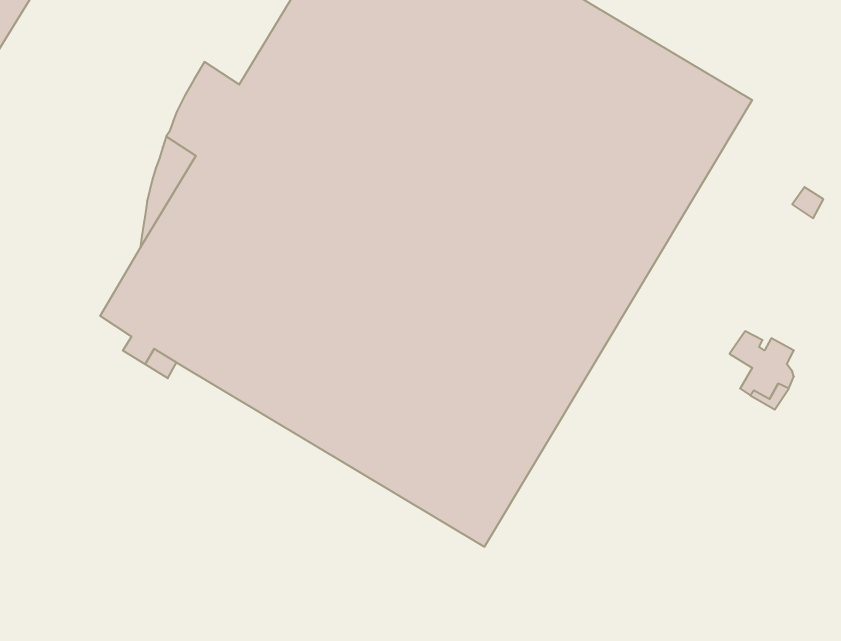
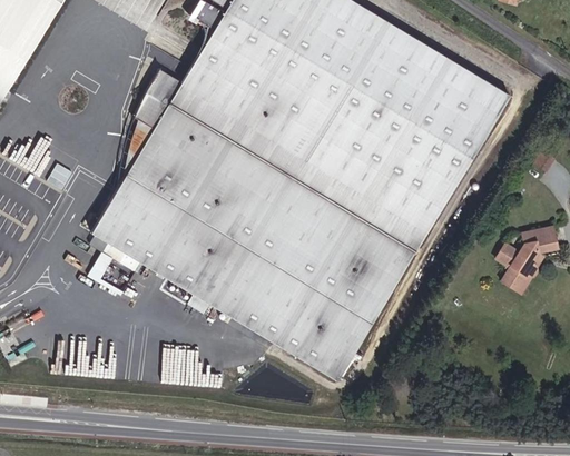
building: none -> [522,228,558,255]

